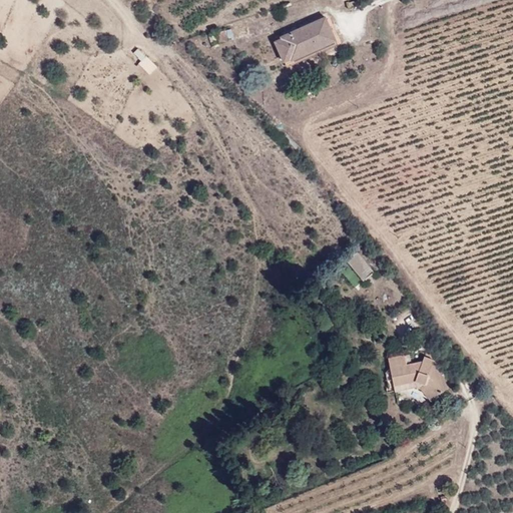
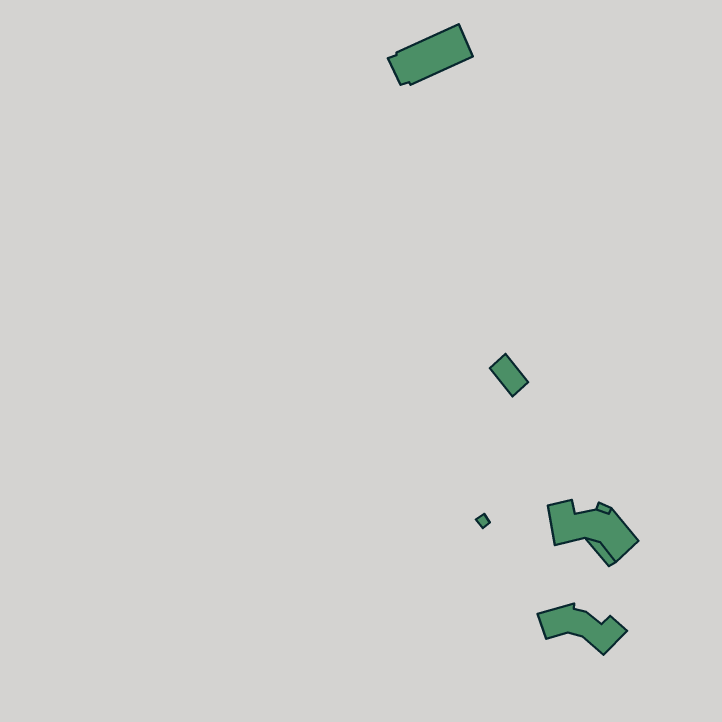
building: none -> [537,604,627,655]

